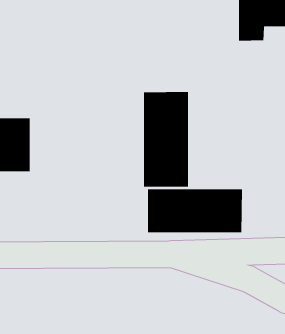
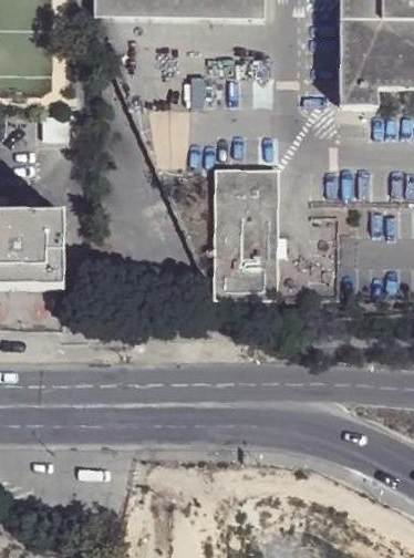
building: [147,189,243,233] -> none

